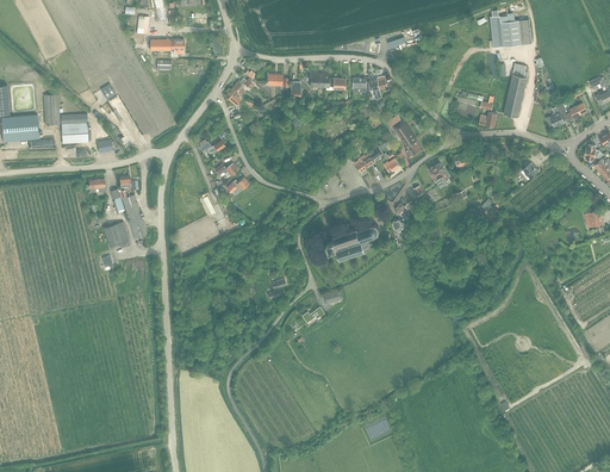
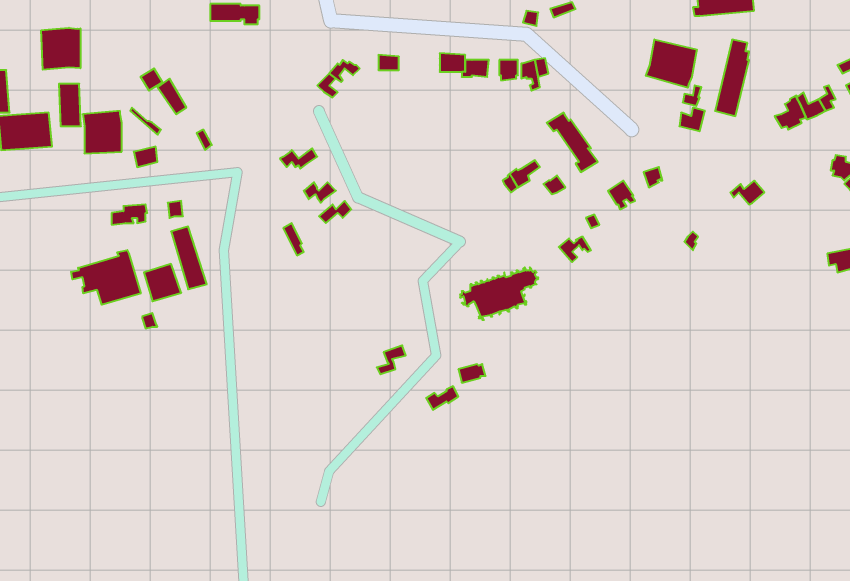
building: none -> [41,28,80,70]
building: none -> [646,39,697,88]
building: none -> [71,250,141,305]

